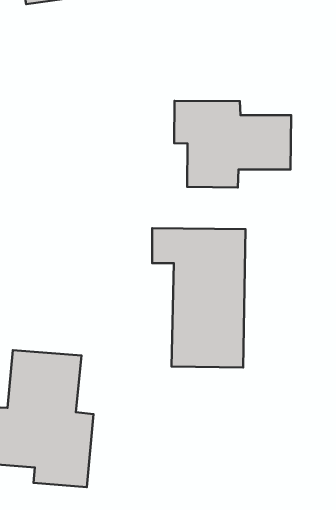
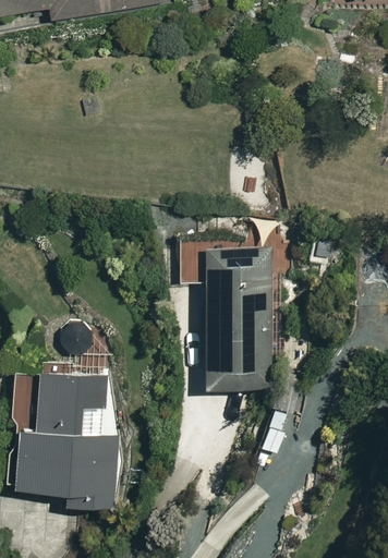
building: [174,101,291,188] -> none

